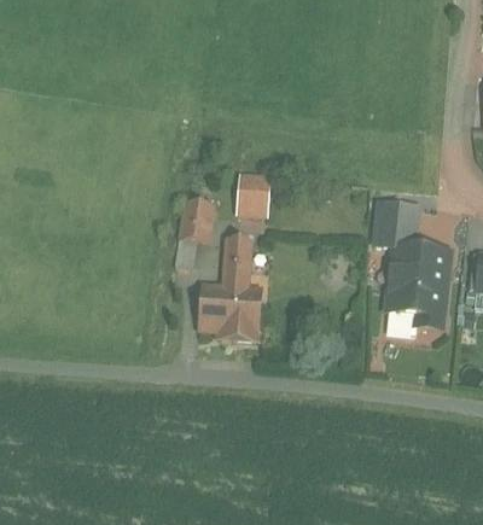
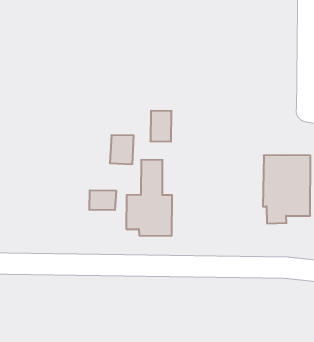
building: [374,200,415,244] -> none
building: none -> [89,190,116,210]

